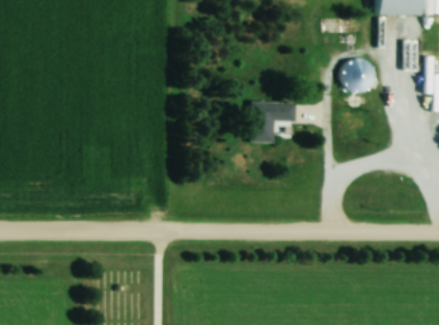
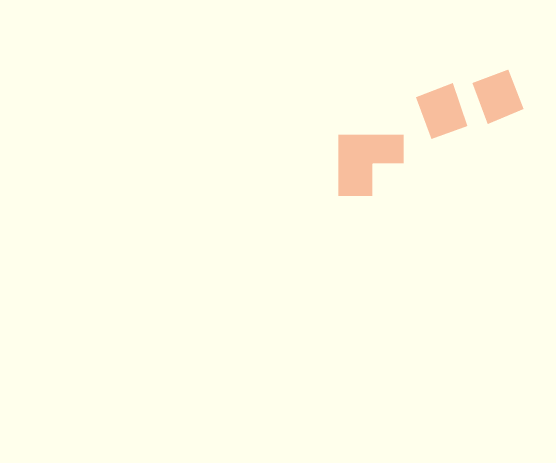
building: none -> [415,82,468,140]

